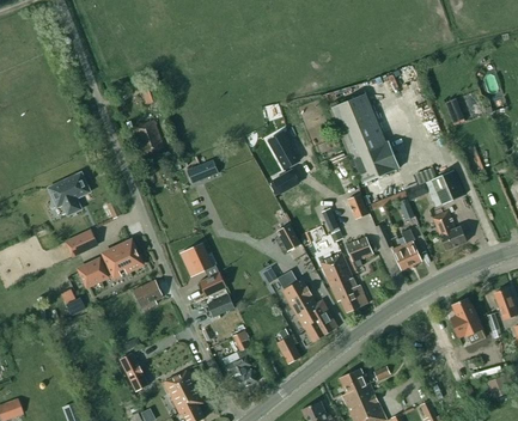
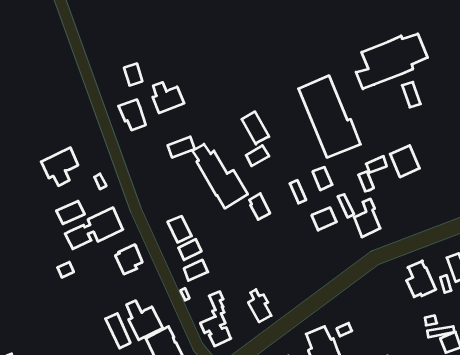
building: none -> [356,34,428,89]
building: none -> [153,82,184,113]
building: [432,210,465,250] -> none
building: [318,252,367,312] -> none
building: [276,271,337,342] -> [192,144,248,208]
building: none -> [127,301,163,340]

